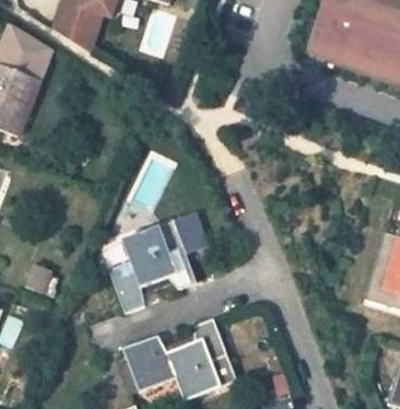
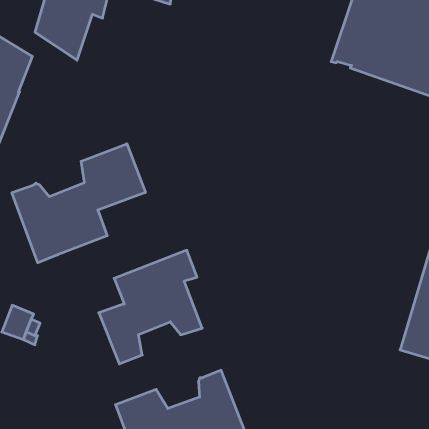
building: none -> [12,144,145,263]

